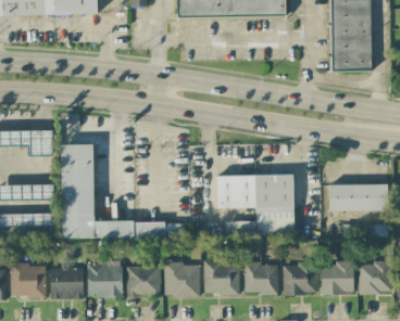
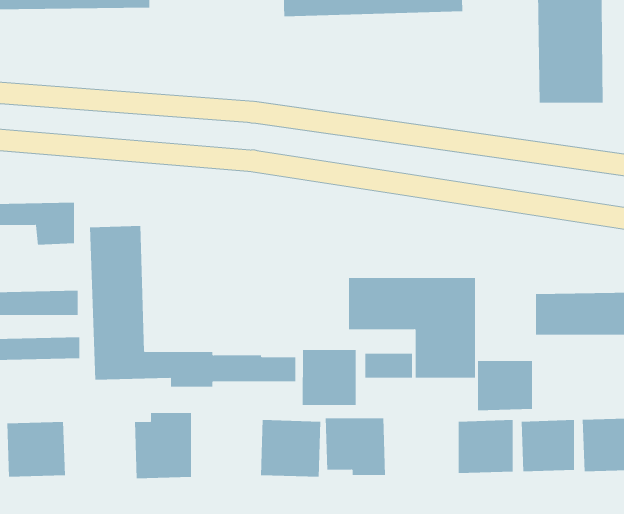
building: none -> [302,349,356,406]
building: [243,264,277,294] -> [477,360,533,411]
building: [126,267,161,296] -> none
building: [50,268,83,299] -> none

